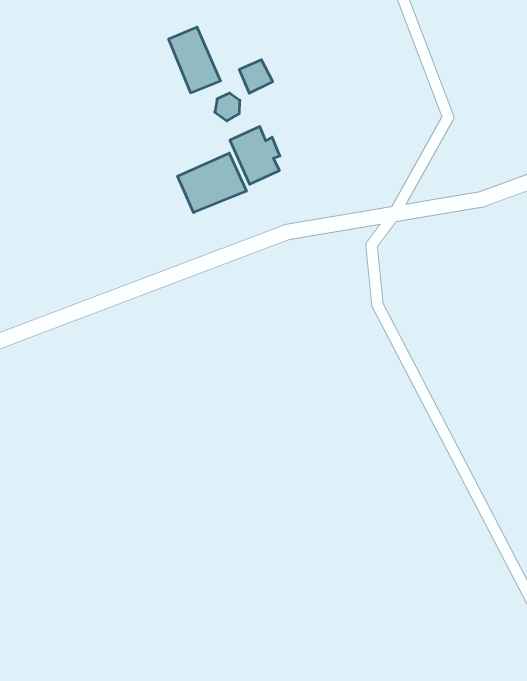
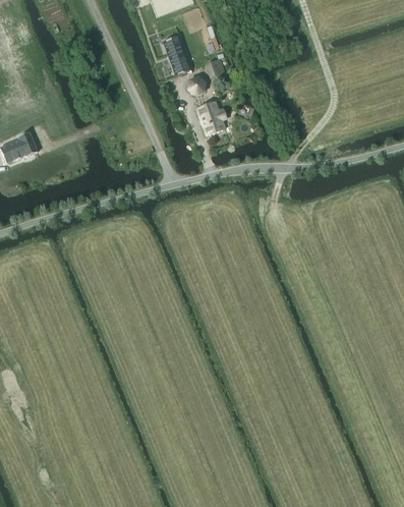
building: [178,153,246,213] -> none

